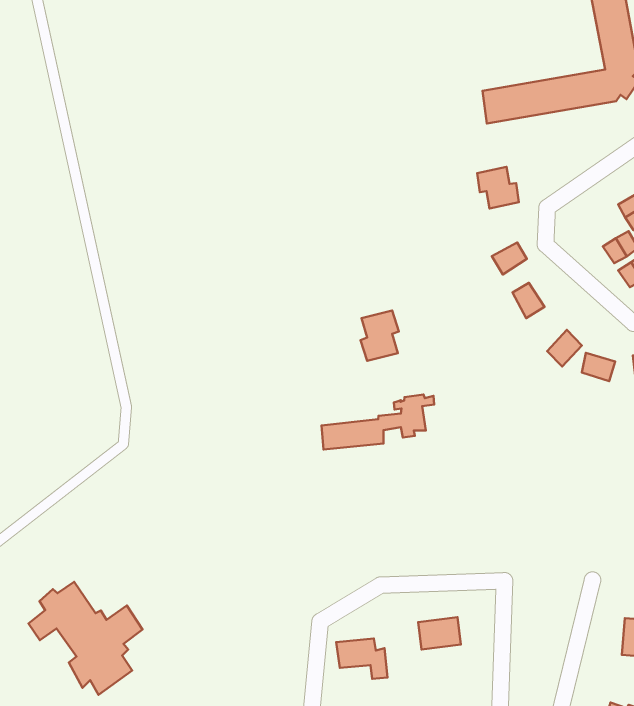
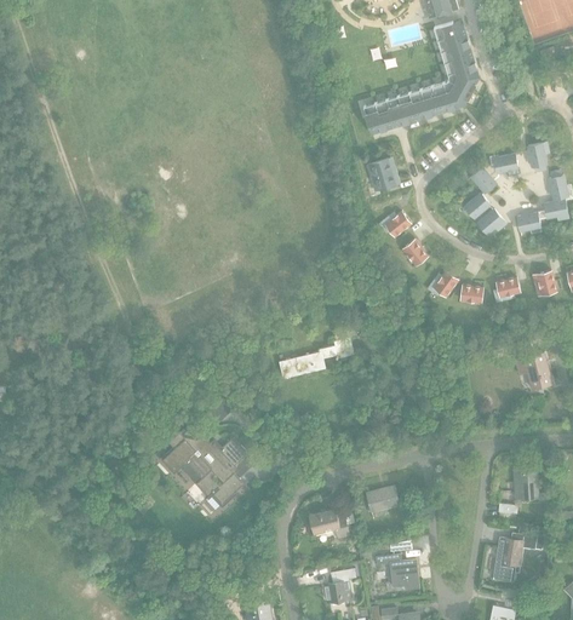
building: [360,311,399,361] -> none
building: [28,582,142,695] -> [165,426,247,505]

